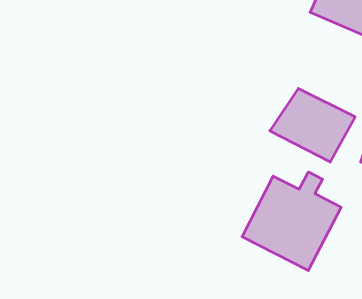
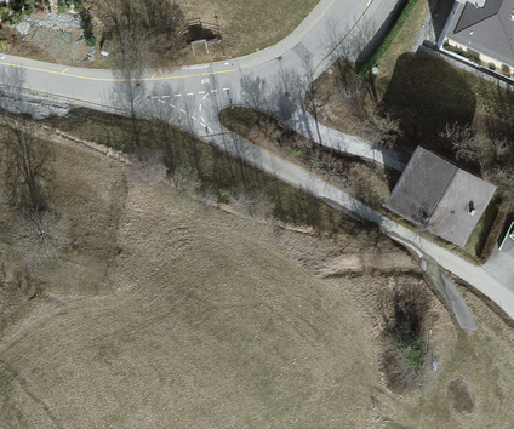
building: [242,172,341,271] -> none

